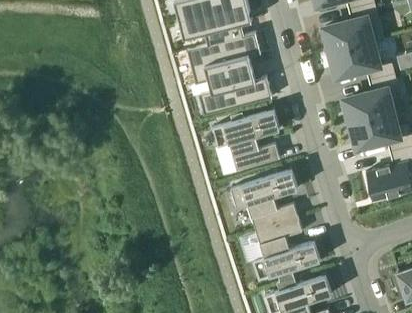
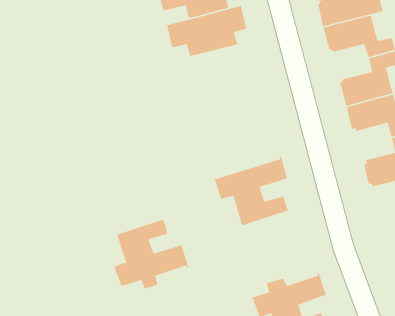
building: [198,68,272,115] -> none
building: [212,108,280,171] -> none
building: [252,218,321,282] -> [113,219,190,290]

